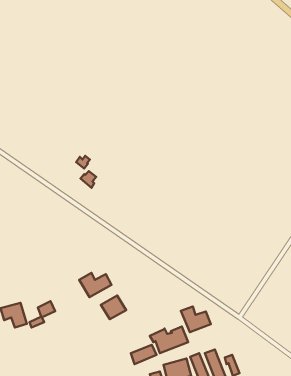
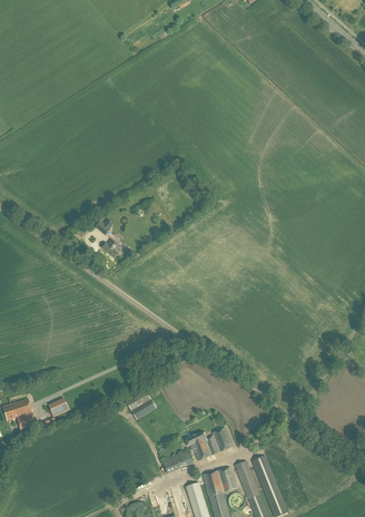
building: [79,273,112,297] -> none
building: [181,306,211,332] -> none

